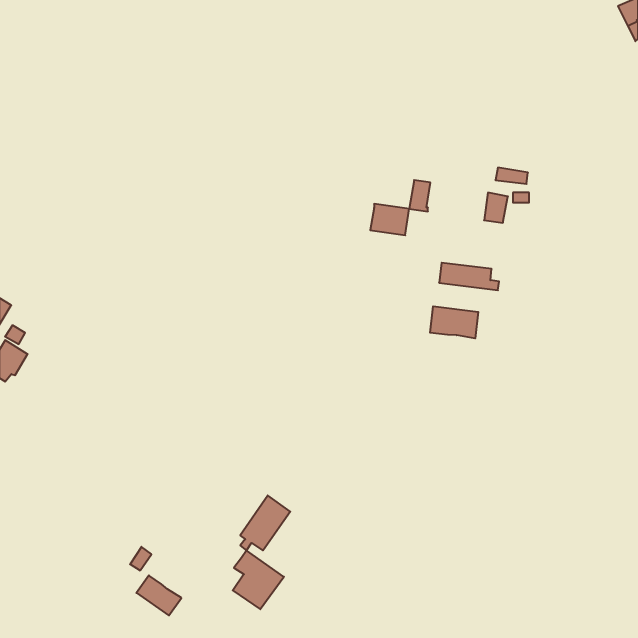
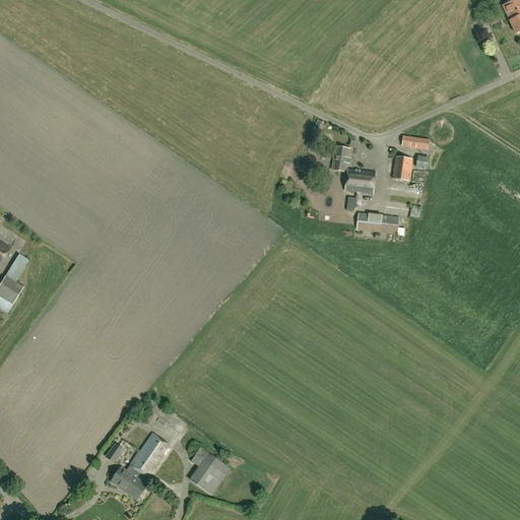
building: [370,204,409,235] -> [344,169,376,194]
building: [430,306,478,338] -> none
building: [240,495,290,550] -> [131,434,172,478]

